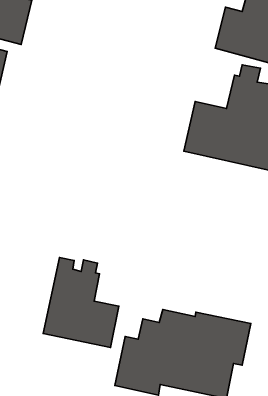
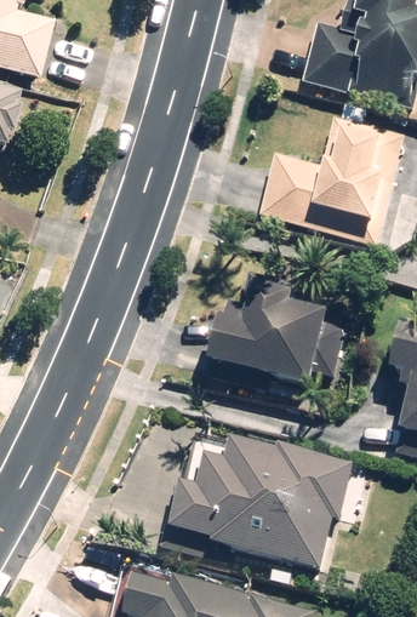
building: none -> [207,269,327,383]
building: [43,257,119,347] -> none

